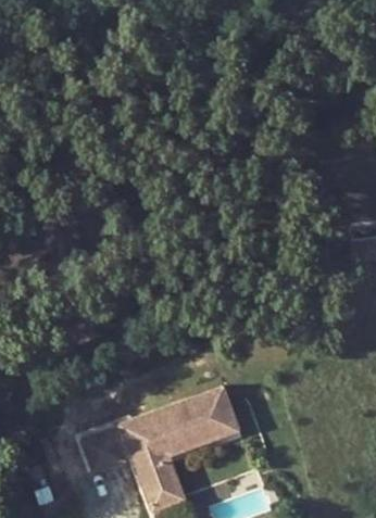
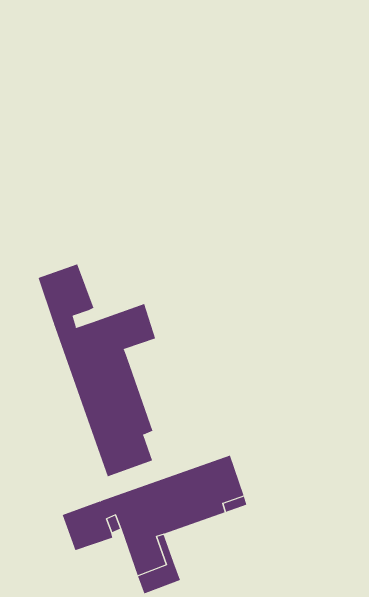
building: none -> [38,263,156,477]

